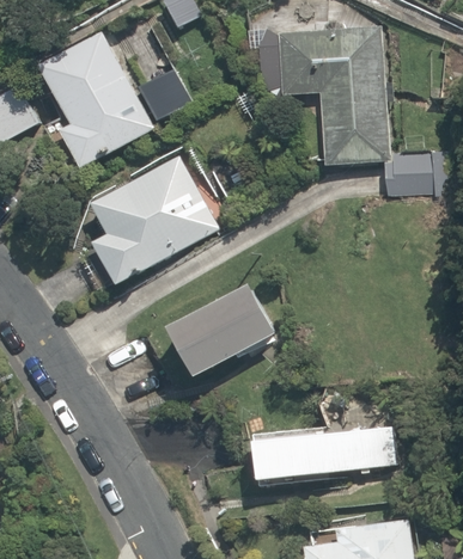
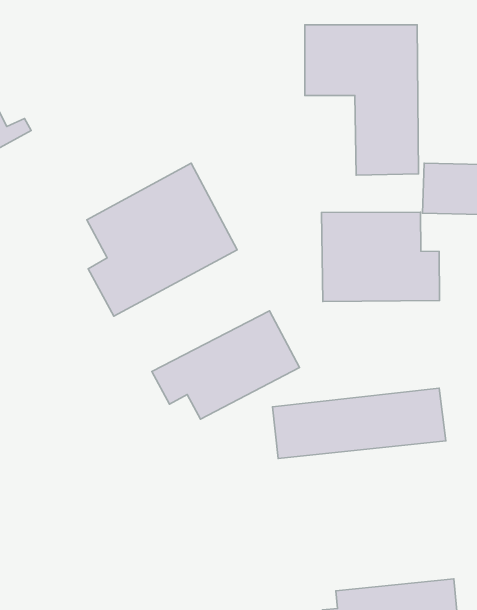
building: [38,30,160,178] -> none
building: none -> [321,212,439,302]
building: [243,420,396,483] -> [273,388,446,458]

